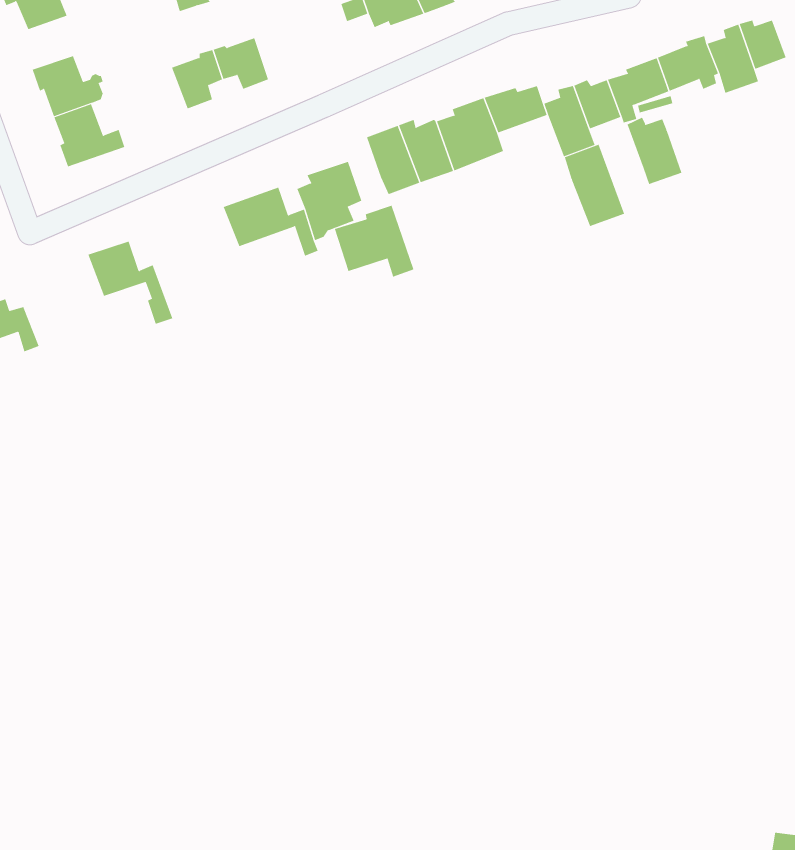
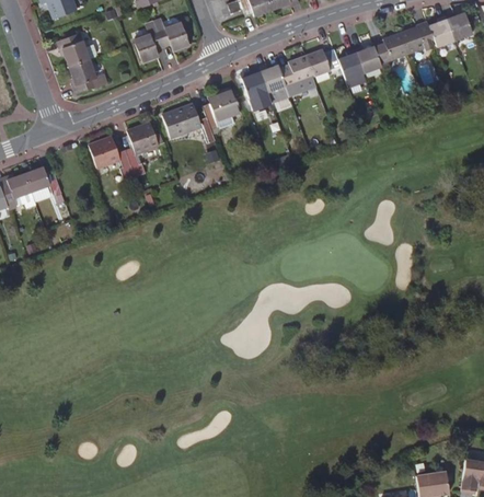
building: [627,117,682,185] -> none
building: [564,144,625,227] -> none
building: [334,205,414,278] -> none
building: none -> [125,119,158,176]

